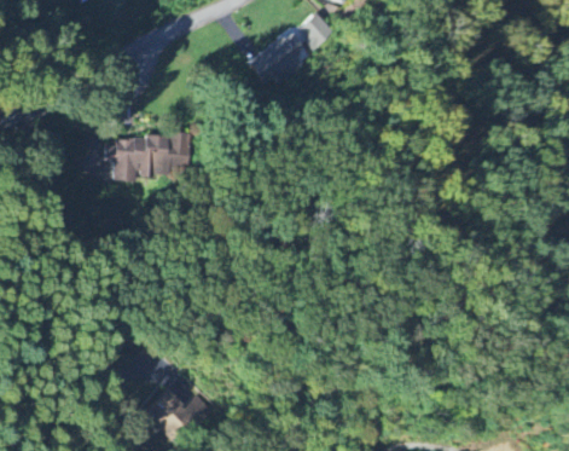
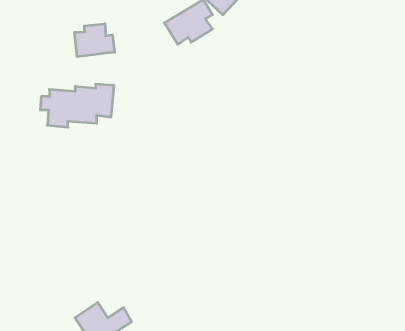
building: none -> [75,24,115,57]

